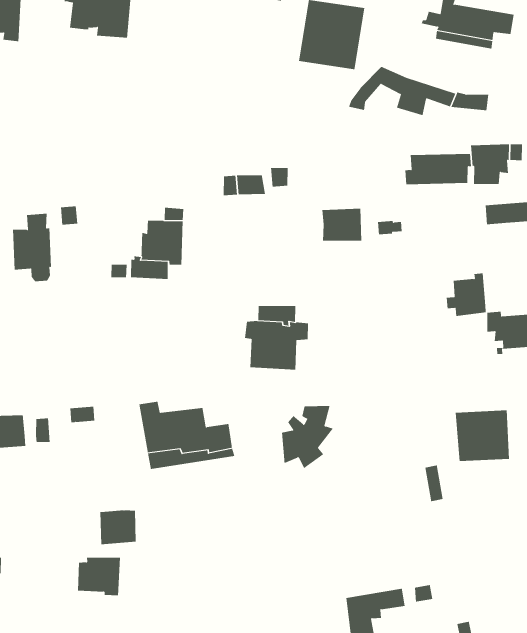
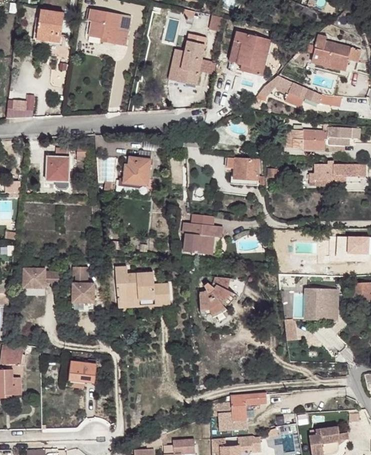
building: none -> [169,33,206,86]
building: [446,273,487,316] -> [310,161,334,186]
building: [99,510,136,545] -> [72,283,95,303]

